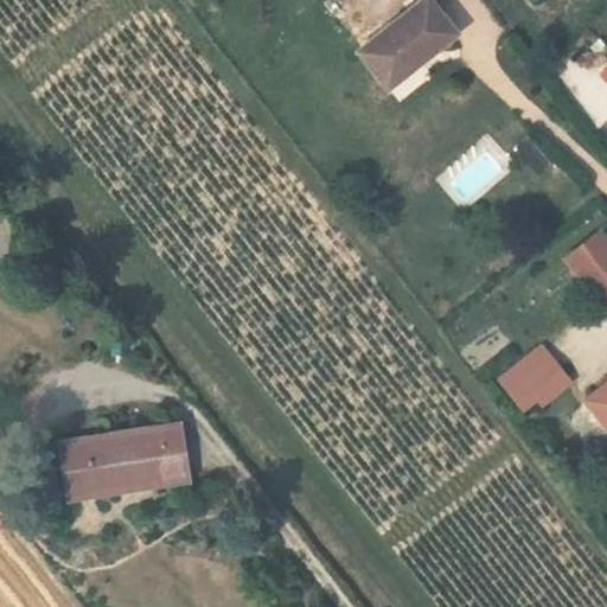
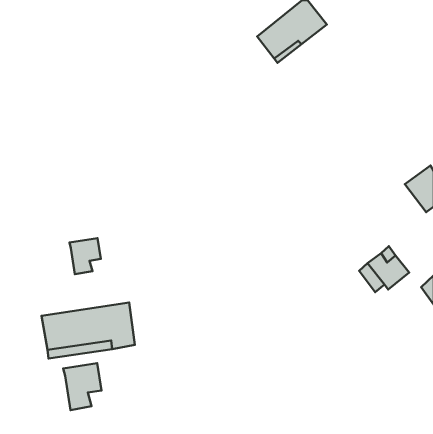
building: none -> [69,238,101,274]
building: none -> [63,363,101,410]

